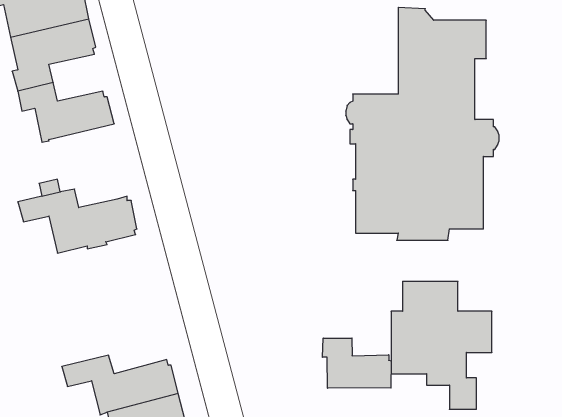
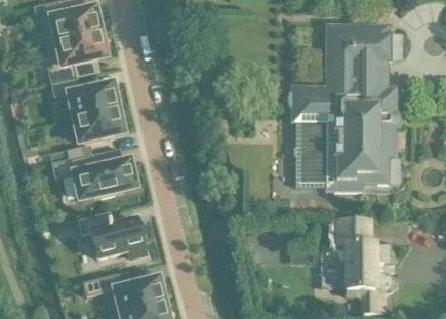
building: none -> [74,105,125,141]
building: none -> [79,210,146,256]
building: [322,338,391,388] -> none

